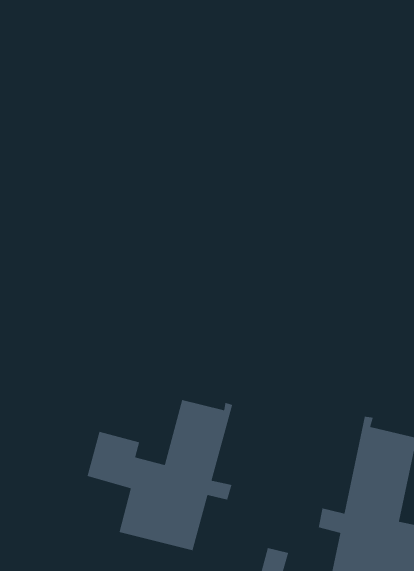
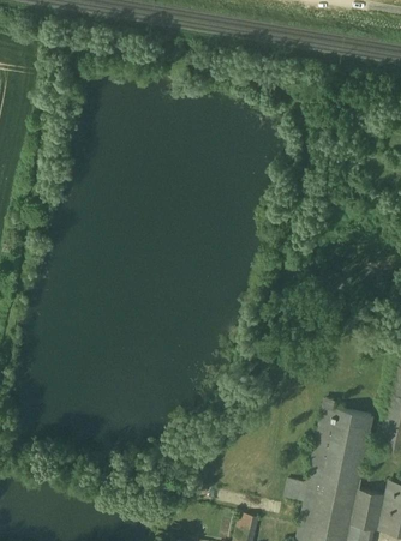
building: [86,399,233,551] -> none

